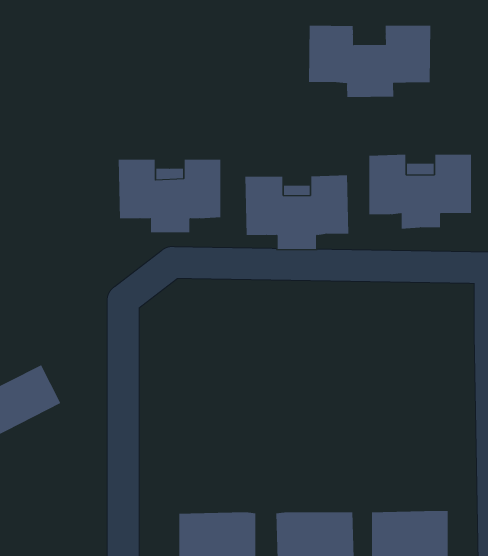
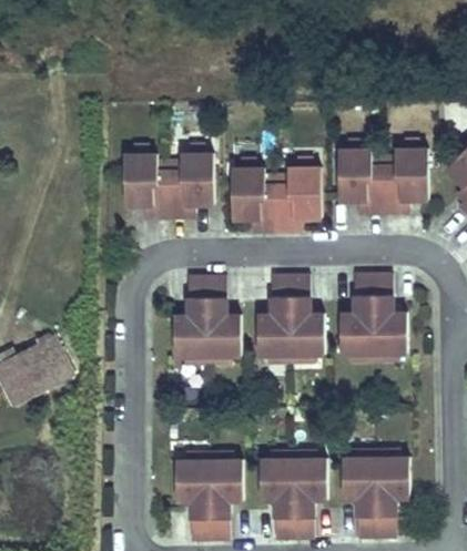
building: [309,25,431,98] -> none
building: none -> [341,274,407,354]
building: none -> [175,275,243,356]
building: none -> [258,275,325,355]

